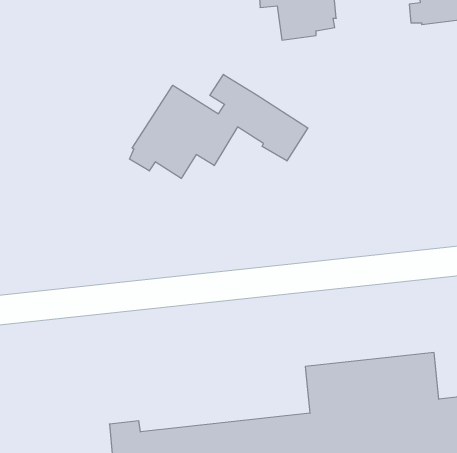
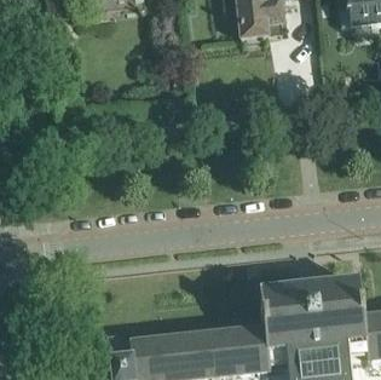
building: [129,74,308,178] -> none

